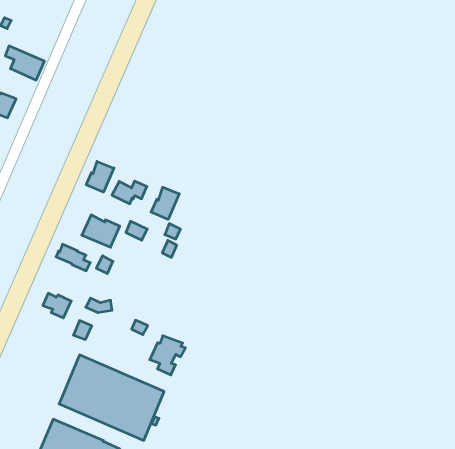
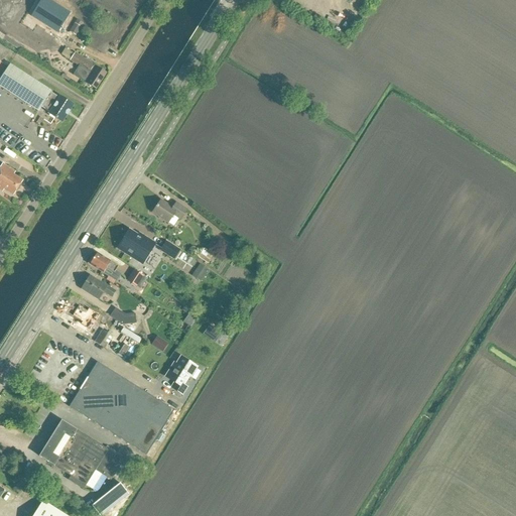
building: [86,161,114,192] -> none
building: [151,187,179,219] -> none
building: none -> [81,275,115,298]

